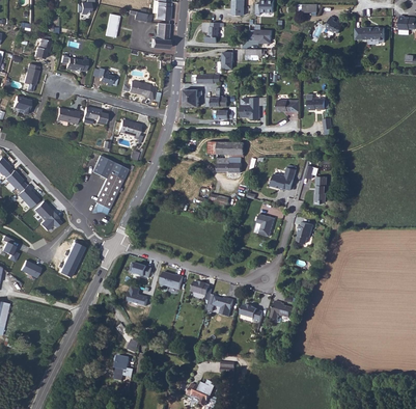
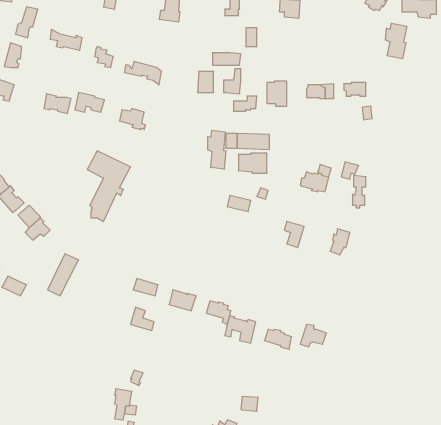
building: none -> [385,23,407,59]
building: none -> [208,130,226,169]

